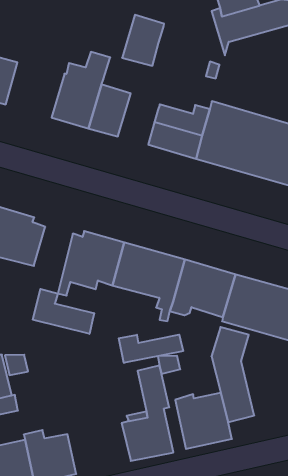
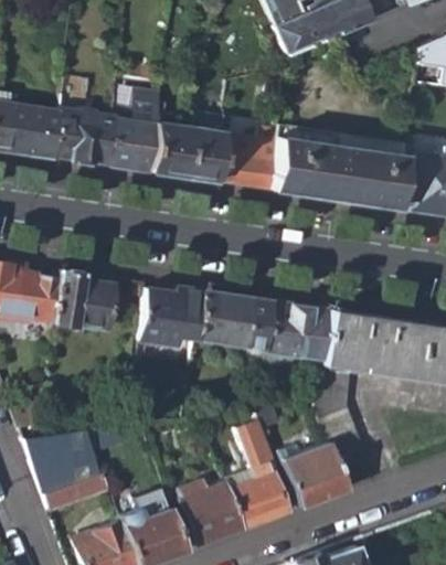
building: [122,15,164,66] -> [180,128,221,181]
building: none -> [53,107,113,166]
building: [33,289,94,334] -> none
building: [119,335,183,363] -> none
building: none -> [177,481,241,546]

